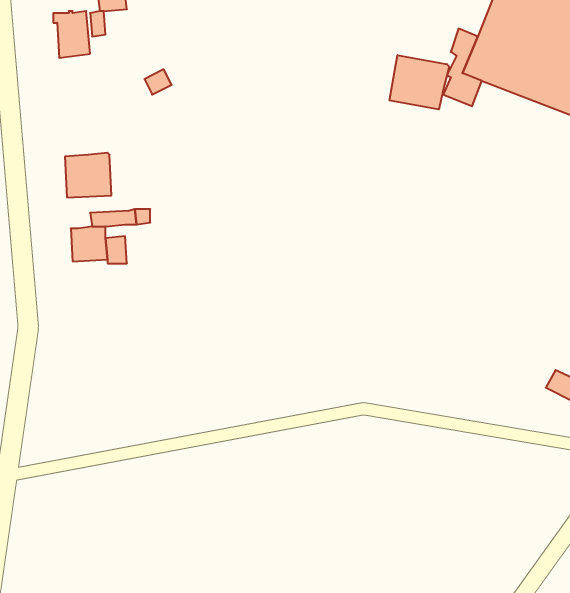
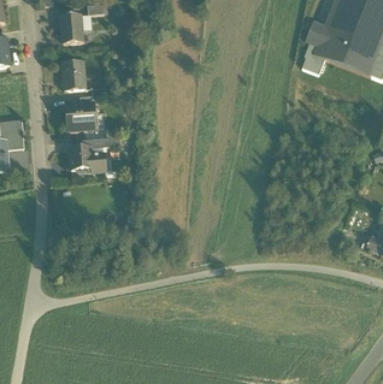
building: [390,55,449,109] -> none
building: none -> [61,60,86,89]

